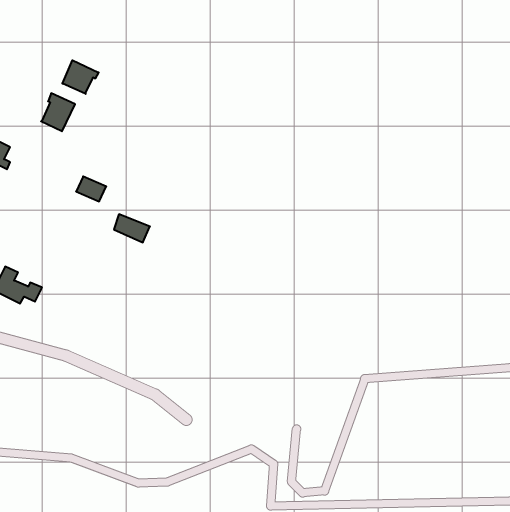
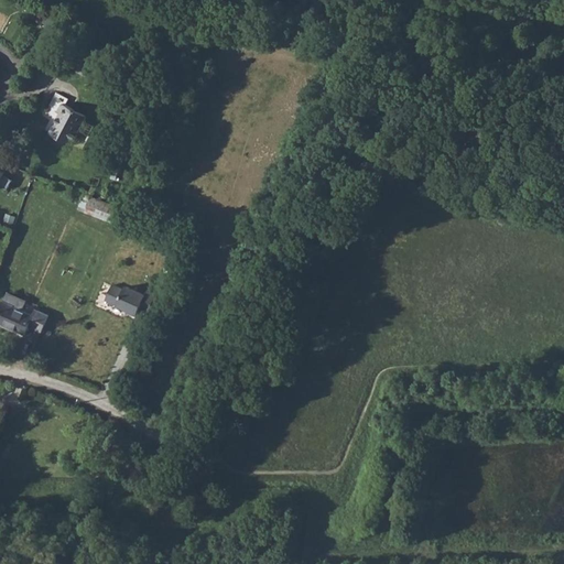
building: [62,60,99,94] -> none
building: [114,214,150,242] -> [104,284,143,315]

